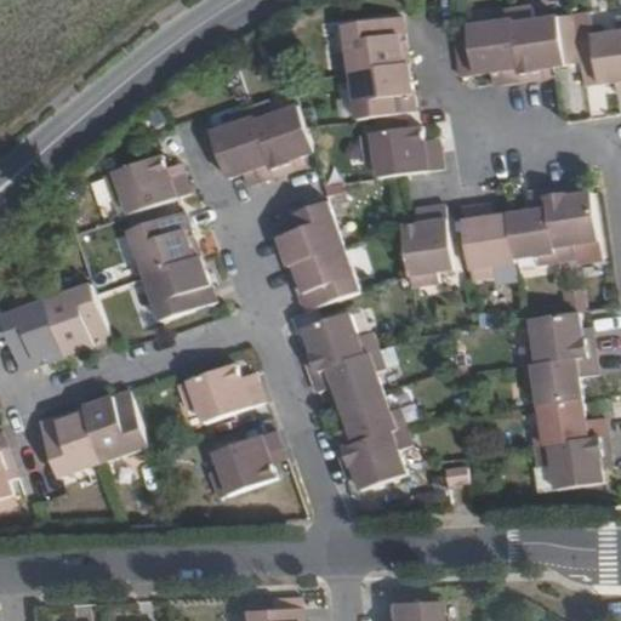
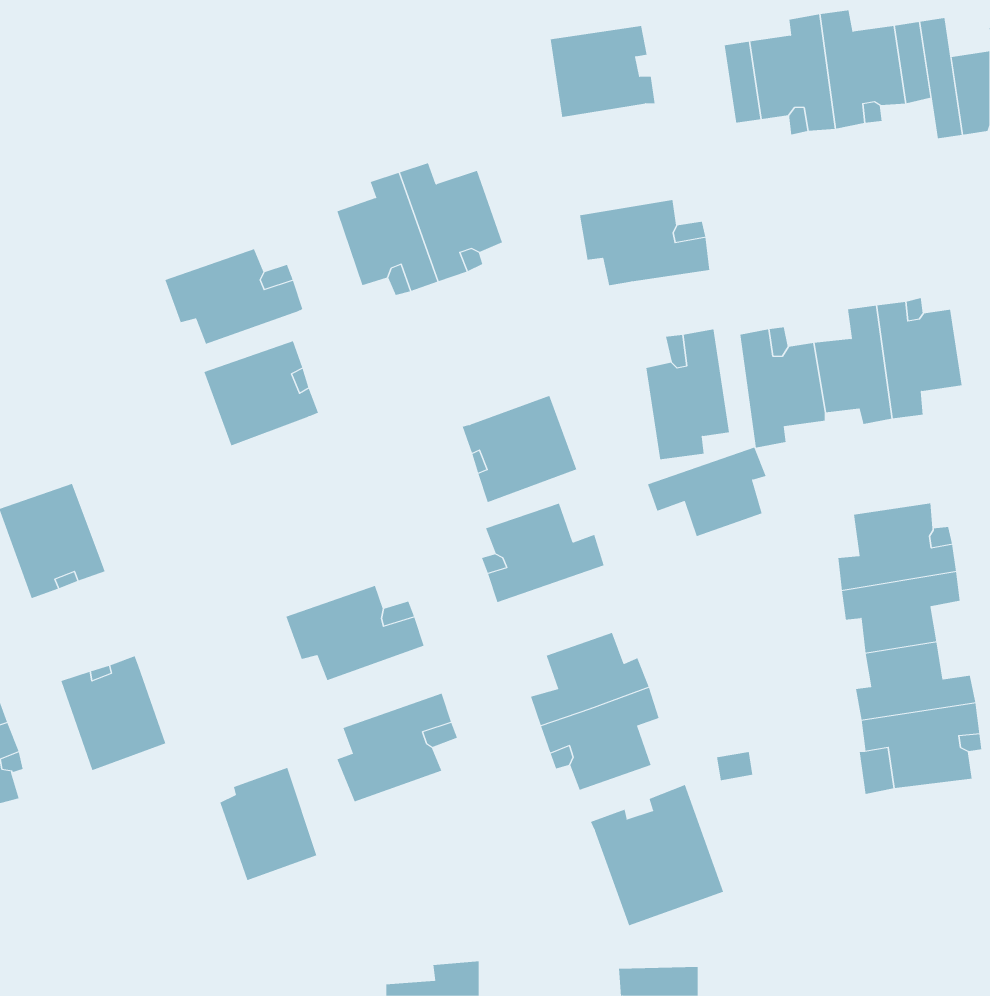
building: [348,64,414,119] -> none
building: [270,201,341,263] -> none
building: [143,258,213,320] -> none
building: [45,283,109,351] -> none
building: [308,351,382,406] -> [647,447,766,537]
building: [86,391,147,461] -> [219,767,317,881]
building: none -> [590,784,724,926]

